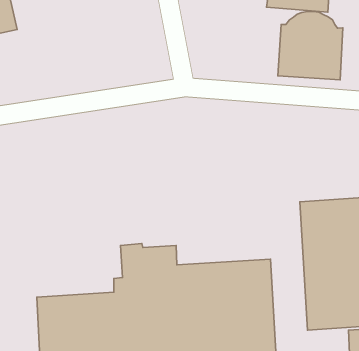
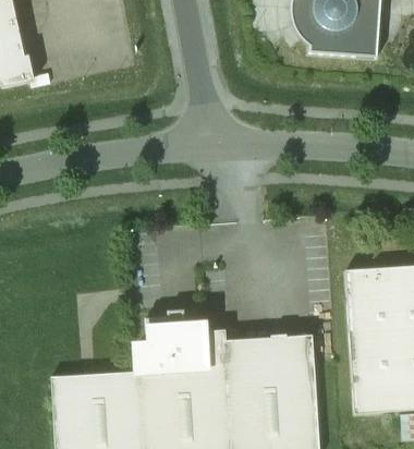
building: [278,11,343,80] -> none

